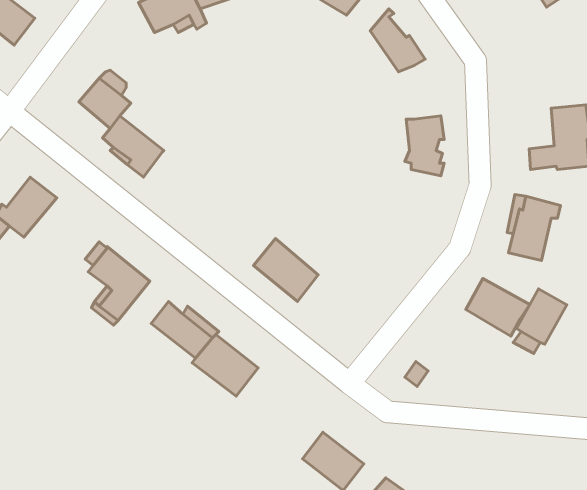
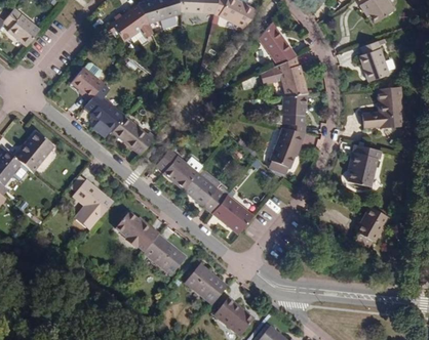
building: none -> [358,40,389,80]
building: none -> [260,56,305,94]
building: none -> [111,116,154,153]
building: none -> [269,125,305,167]
building: none -> [155,148,197,189]
building: none -> [211,195,252,235]
building: [466,278,530,336] -> none
building: none -> [185,265,227,305]

